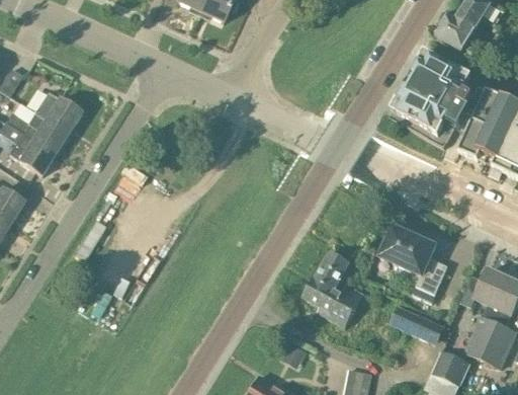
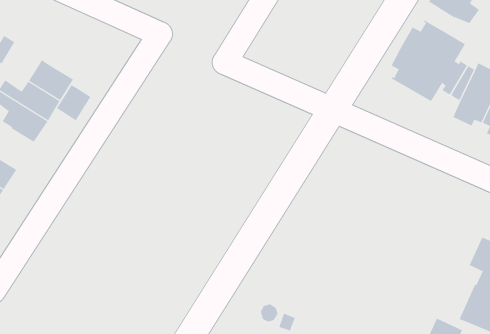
building: none -> [56,84,91,121]
building: [381,226,448,293] -> none
building: [304,250,364,325] -> none
building: [400,311,436,341] -> none

